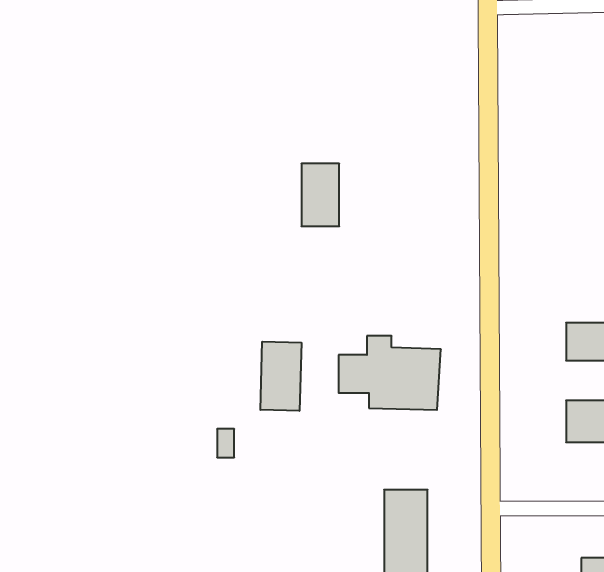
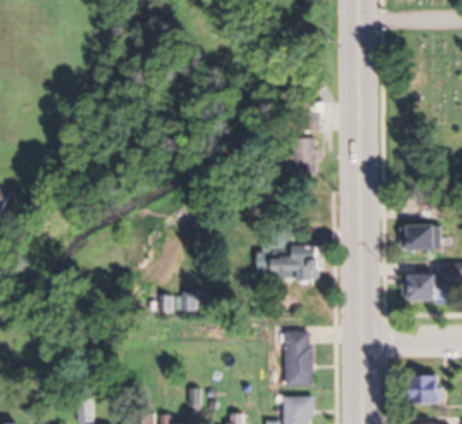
building: [301,164,339,226] -> [291,137,315,177]
building: [260,342,301,411] -> none

